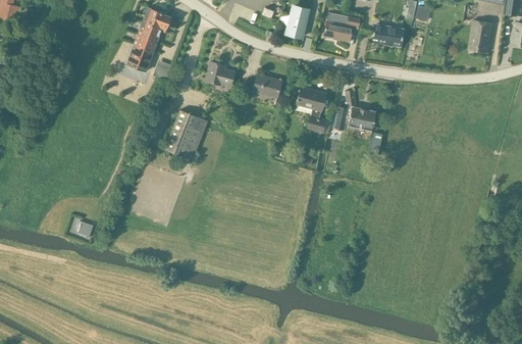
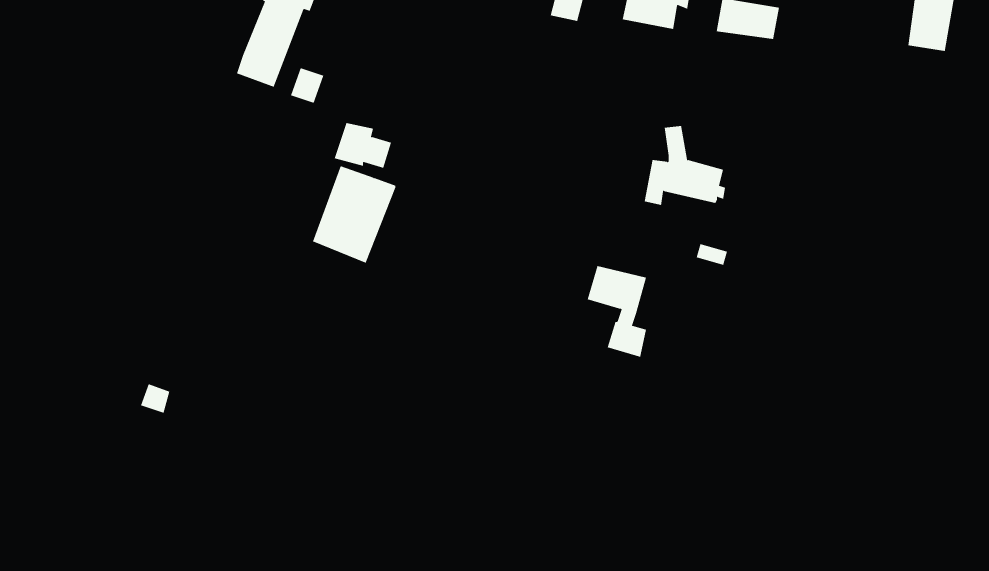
building: [205,61,234,85] -> [334,123,392,169]
building: [244,73,281,98] -> none
building: [296,87,326,134] -> [587,266,647,357]

